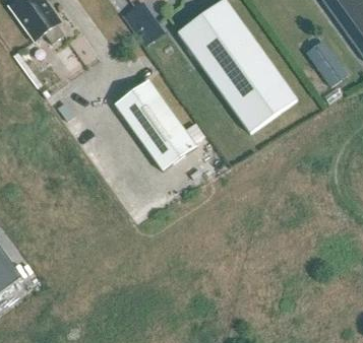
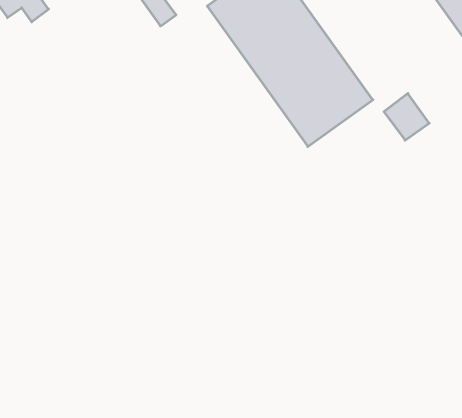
building: [315,52,348,85] -> [384,93,429,140]
building: [115,79,196,169] -> none

